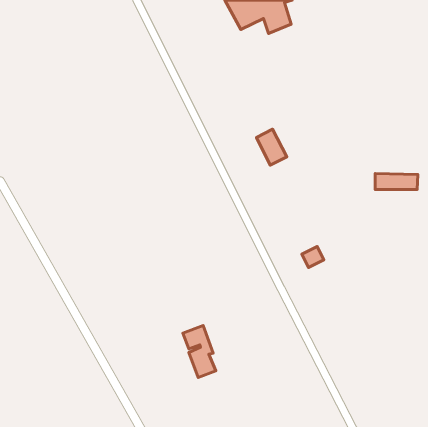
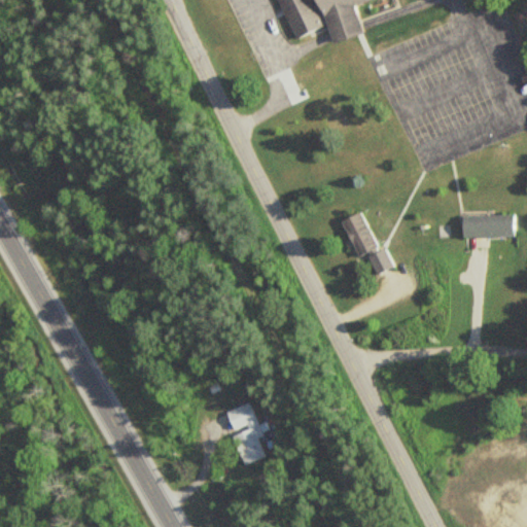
building: [257,129,287,165] -> [340,212,377,256]
building: [302,247,324,268] -> [366,248,393,274]

